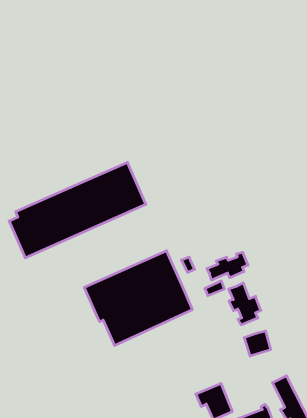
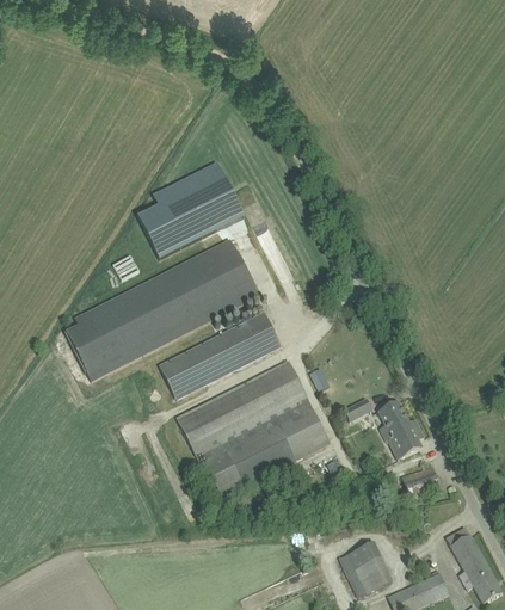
building: none -> [142,162,248,258]
building: none -> [159,313,279,400]
building: [207,252,248,280] -> none

